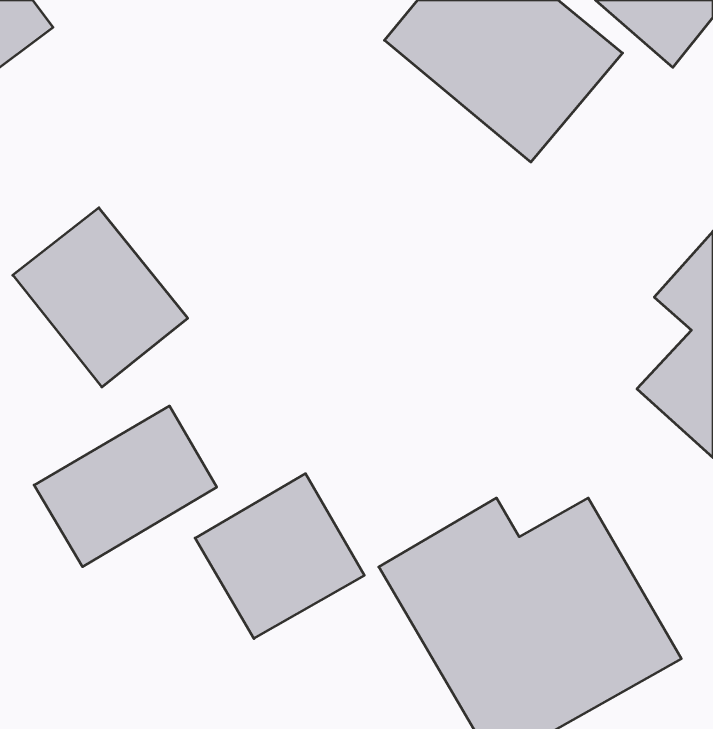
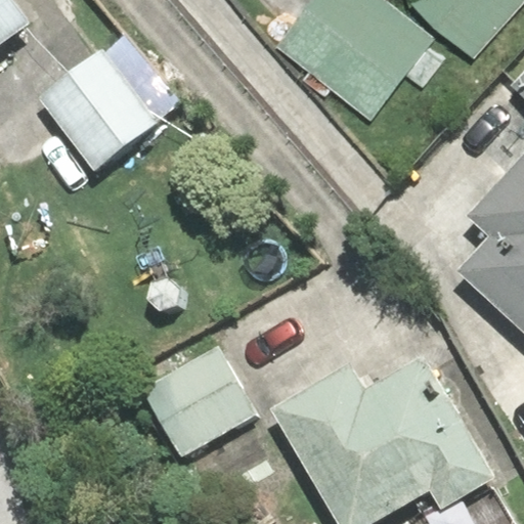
building: [13,208,188,387] -> [40,48,165,176]
building: [34,406,217,567] -> none

